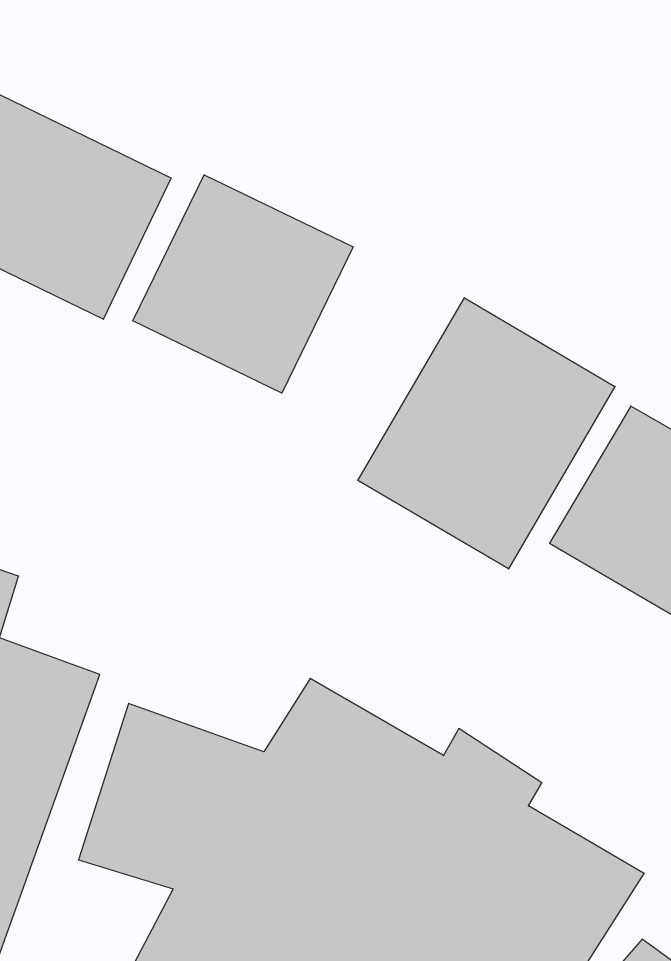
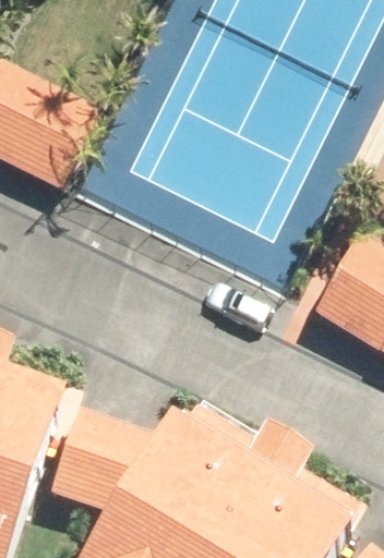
building: [133,175,353,393] -> none
building: [358,298,615,569] -> none

